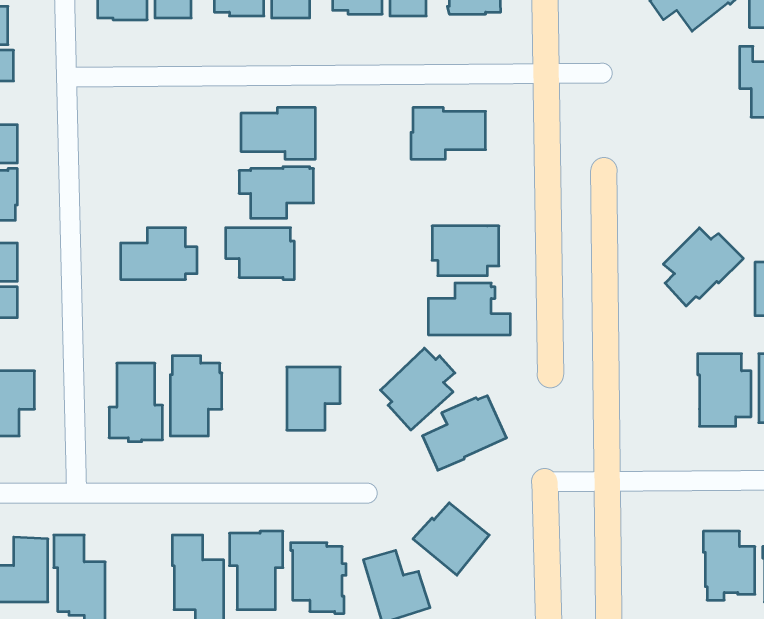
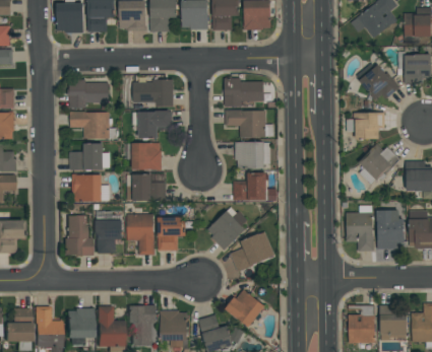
building: none -> [357,63,400,100]
building: none -> [68,79,109,108]
building: none -> [225,110,273,137]
building: none -> [70,112,116,138]
building: none -> [347,113,385,139]
building: none -> [72,173,110,201]
building: none -> [127,173,166,200]
building: none -> [346,205,374,252]
building: none -> [127,214,155,254]
building: none -> [348,305,375,343]
building: none -> [66,308,92,345]

